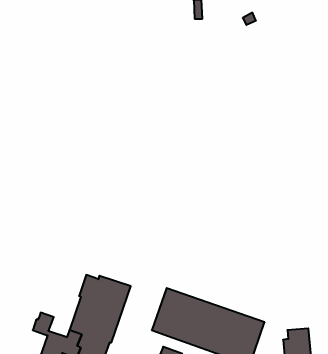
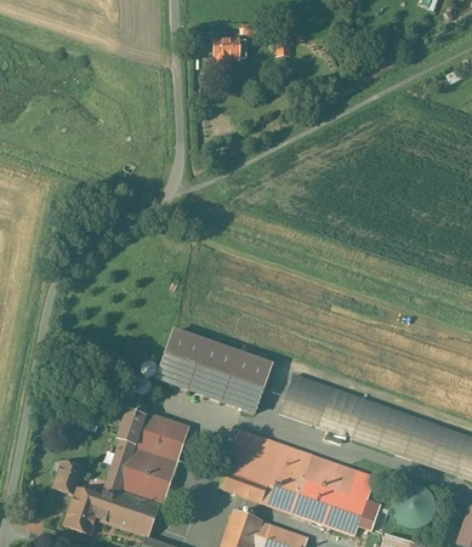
building: none -> [212,39,239,72]
building: none -> [157,330,271,411]

